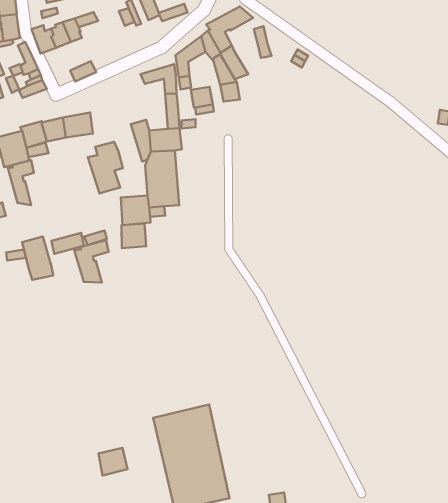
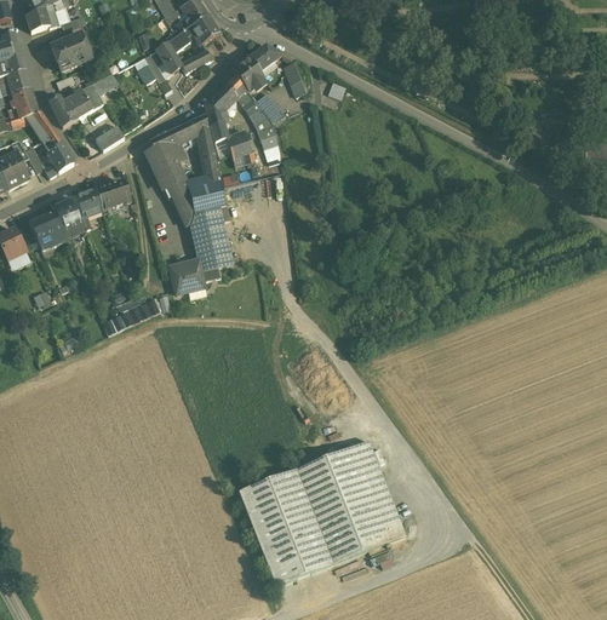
building: [88,142,123,194] -> [145,131,184,188]
building: [8,160,34,205] -> none
building: [122,224,146,248] -> none
building: [22,237,53,280] -> none
building: [74,240,108,283] -> none
building: none -> [296,440,407,564]
building: [99,448,127,475] -> none

